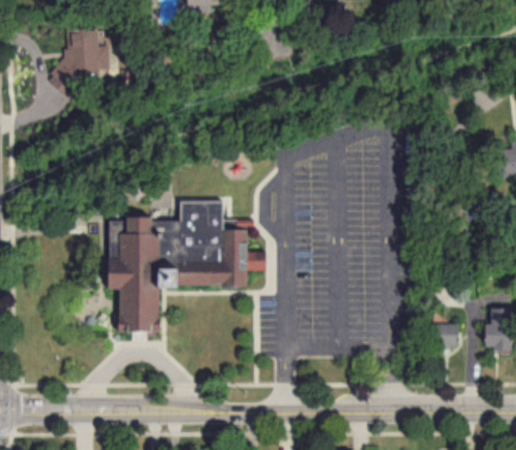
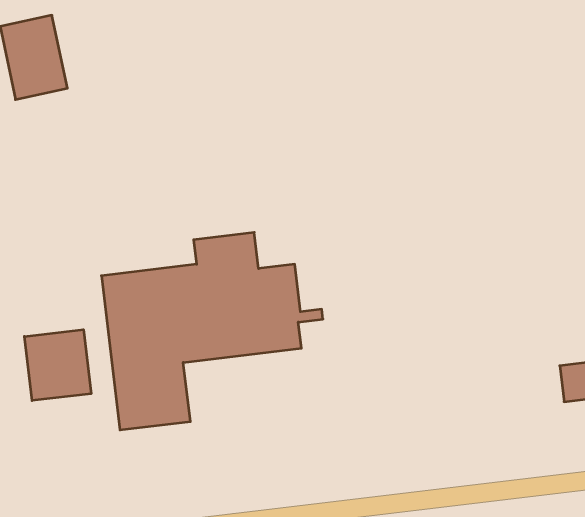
building: none -> [24,330,91,401]

